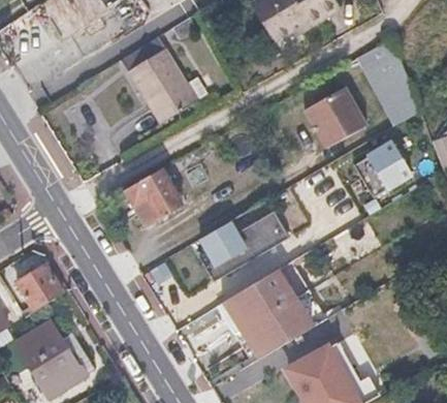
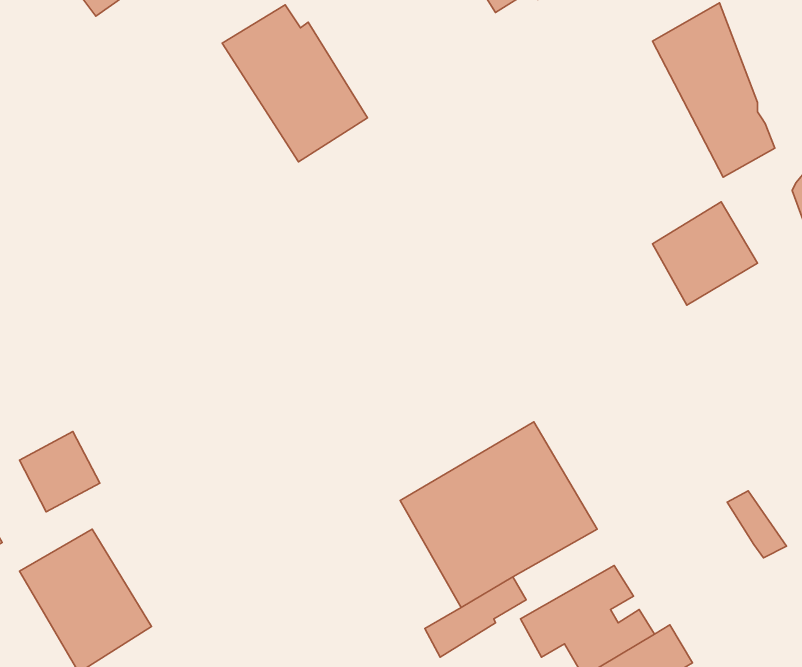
building: [305,84,366,146] -> none
building: [124,167,183,225] -> none
building: [198,213,289,283] -> none

